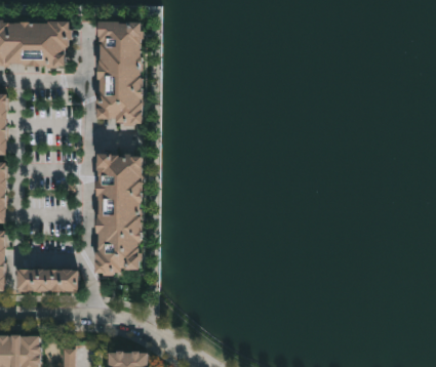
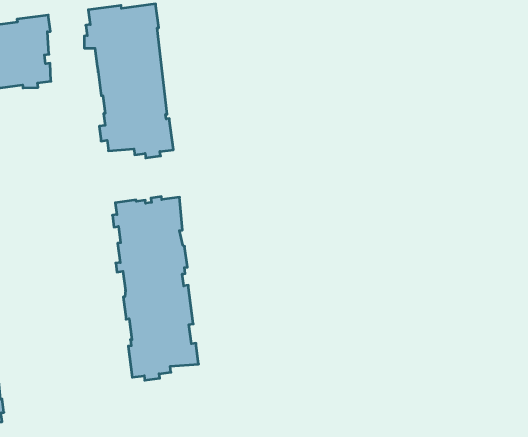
building: [16,271,79,293] -> none

